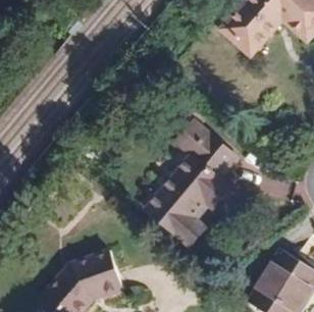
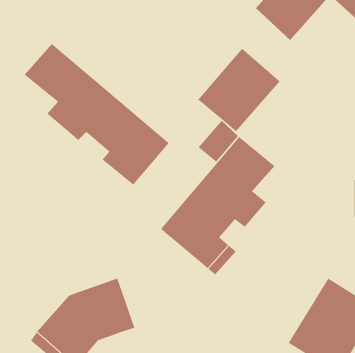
building: none -> [24,43,170,186]
building: none -> [198,48,281,132]

